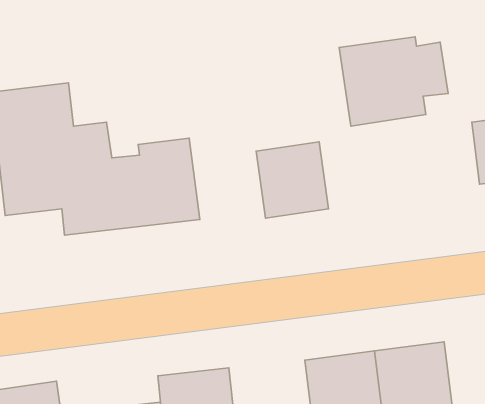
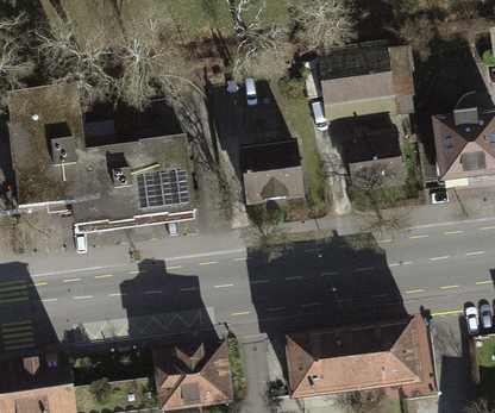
building: none -> [351,129,406,187]

